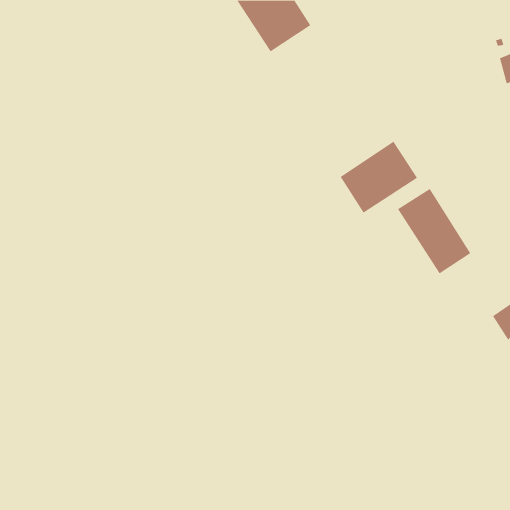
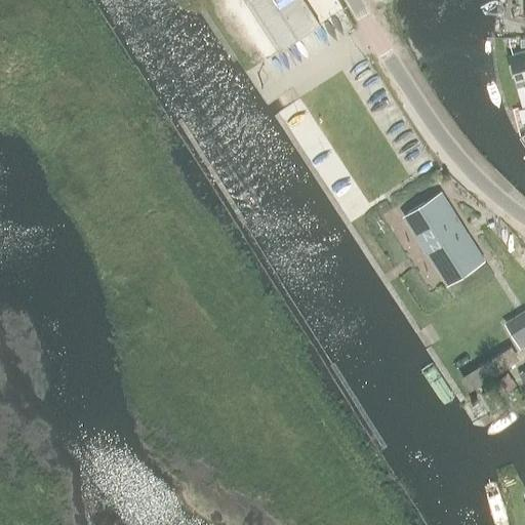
building: [340,141,418,213] -> none

